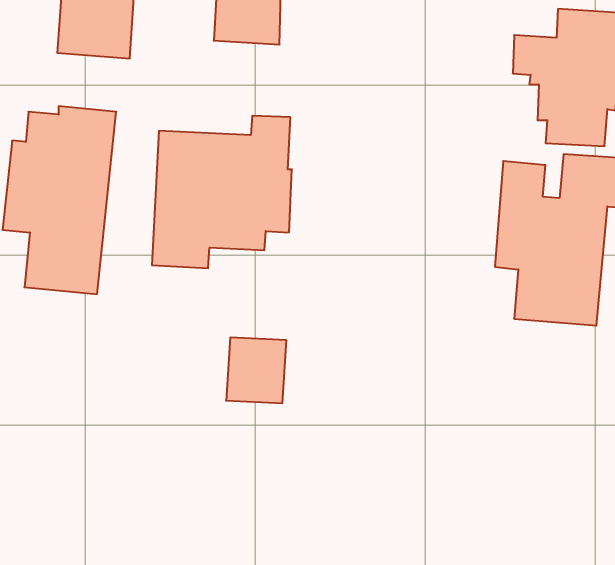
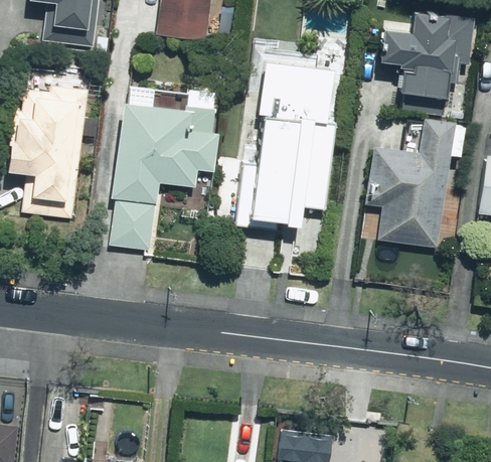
building: none -> [234,60,335,229]
building: [226,337,286,403] -> [112,200,156,249]

